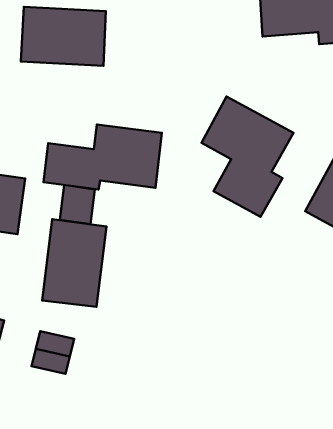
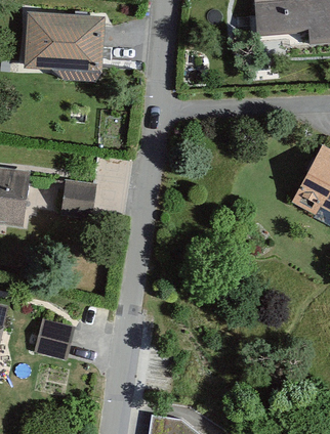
building: [201,97,293,217] -> none
building: [43,125,162,190] -> none
building: [42,219,106,307] -> none

